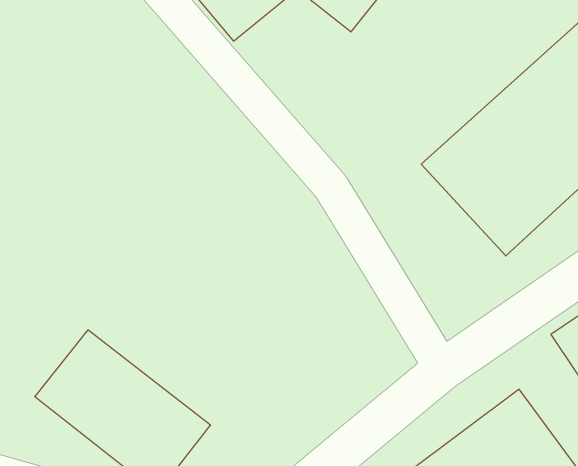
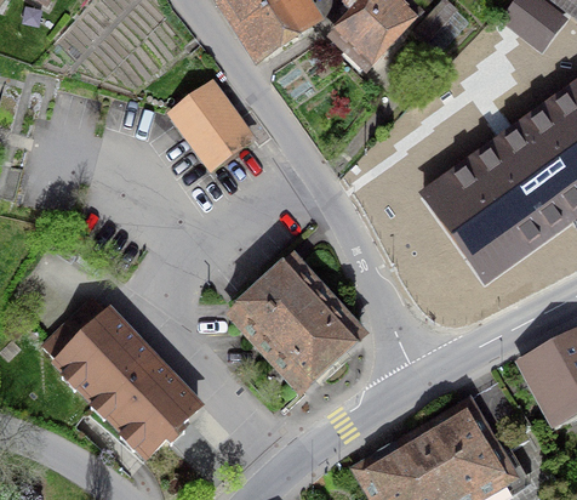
building: none -> [171,80,259,169]
building: none -> [224,255,366,393]

